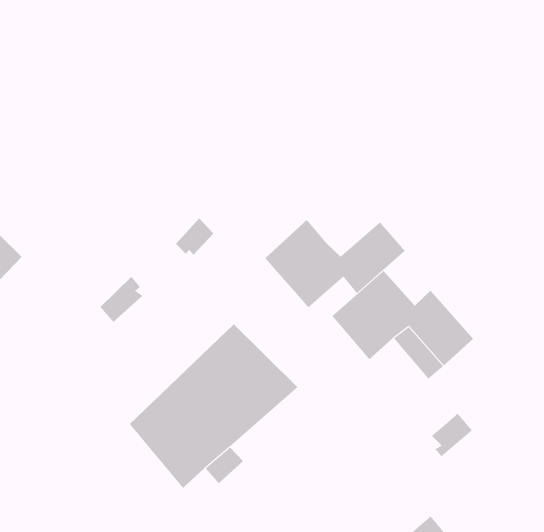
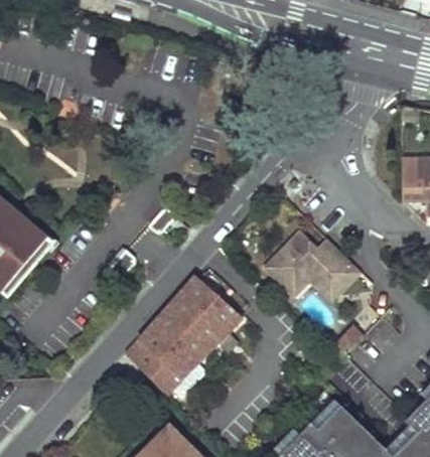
building: [264,219,405,308] -> none

